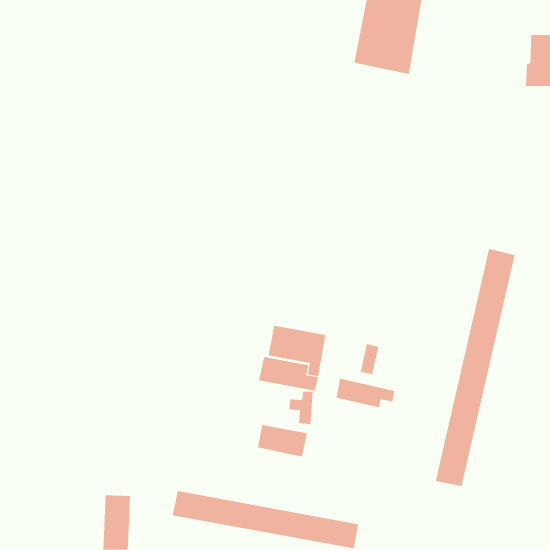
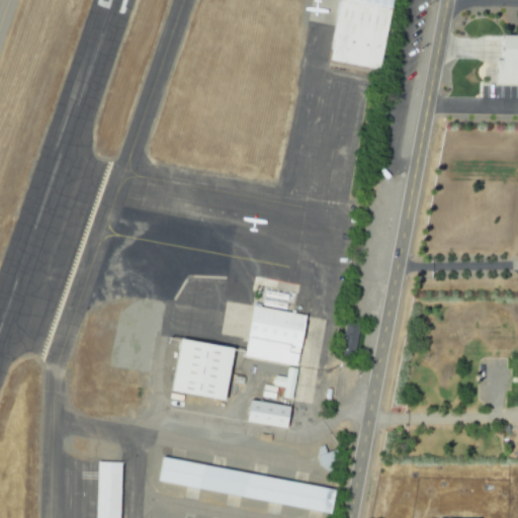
building: [435,248,515,487] -> none
building: none -> [169,337,235,399]
building: [336,378,395,408] -> none

